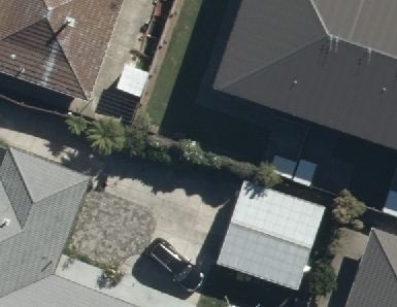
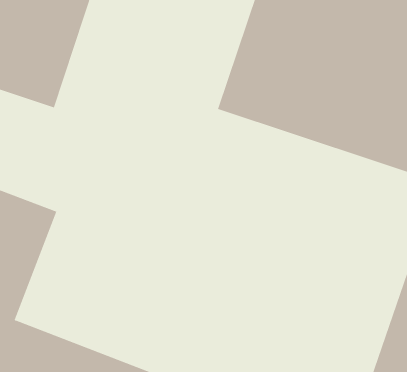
building: [216,182,327,288] -> none

